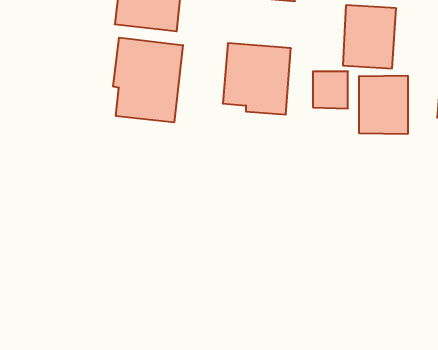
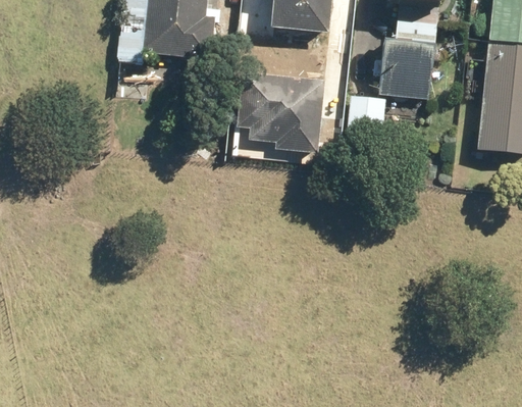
building: [113,38,183,122] -> none
building: [359,76,408,134] -> none

